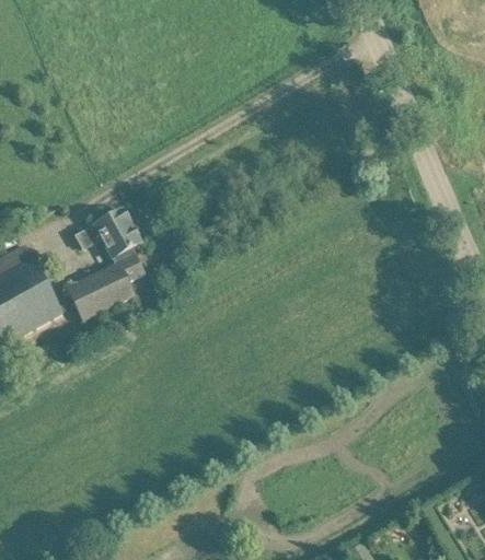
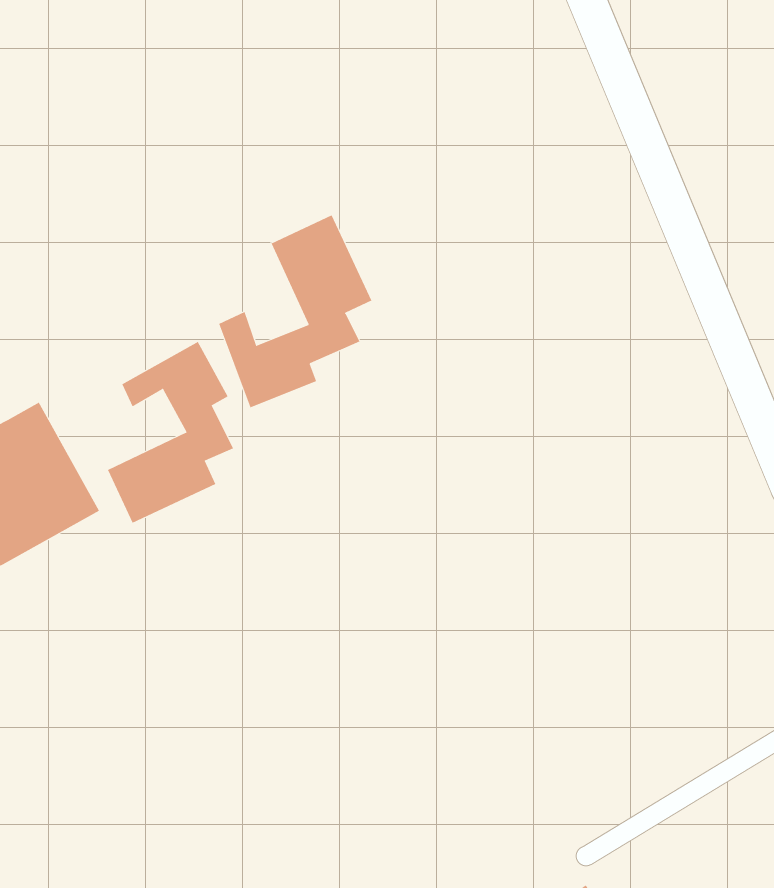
building: none -> [218,214,372,408]

